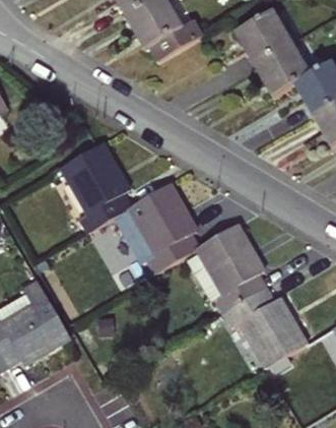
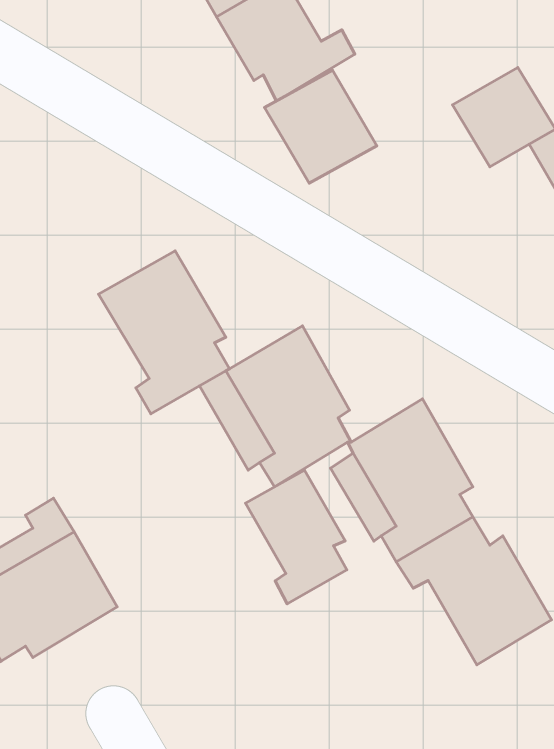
building: [236,13,288,64] -> none
building: none -> [265,70,377,183]
building: none -> [245,470,347,604]

